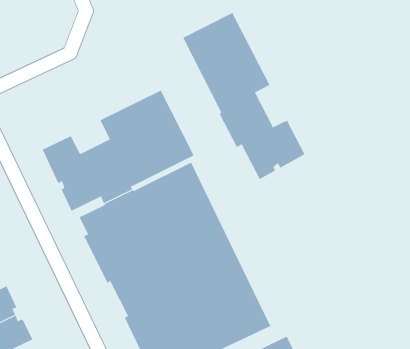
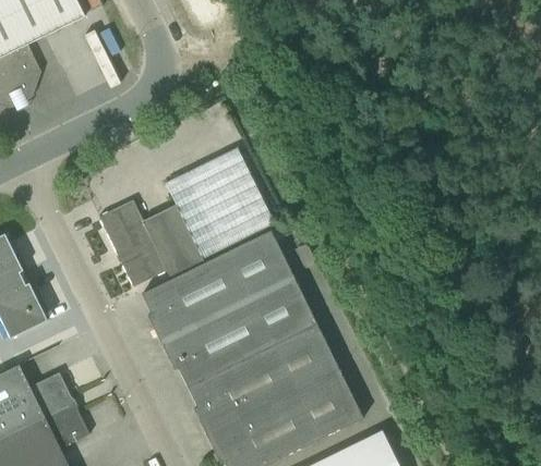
building: [183,12,305,180] -> none

